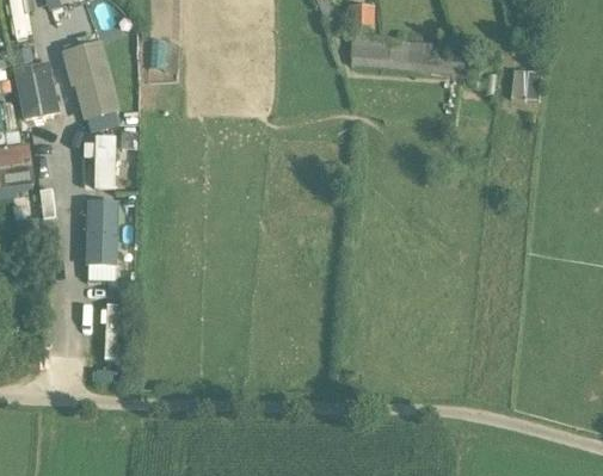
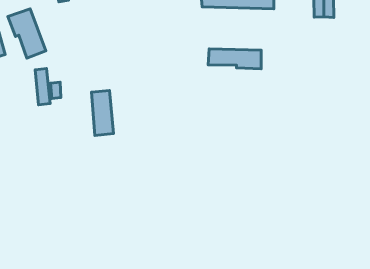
building: none -> [208,49,261,69]
building: [87,199,115,262] -> [91,90,114,135]

